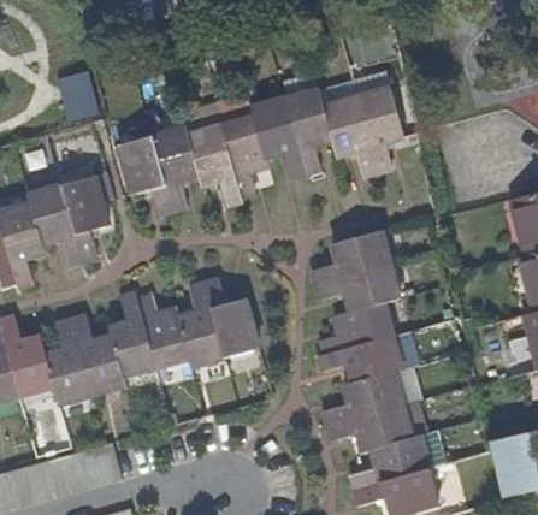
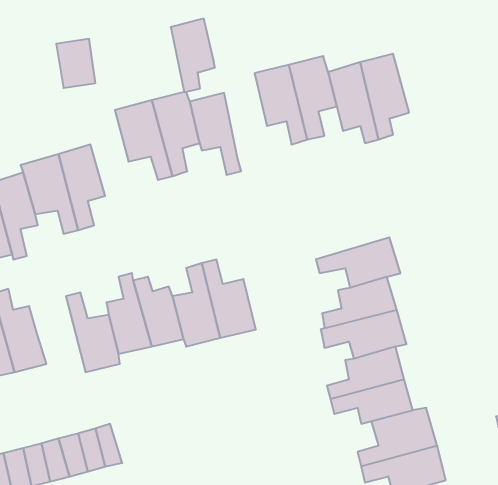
building: [224,113,267,185] -> [171,19,215,92]
building: [311,231,386,285] -> none
building: [40,321,88,404] -> none

